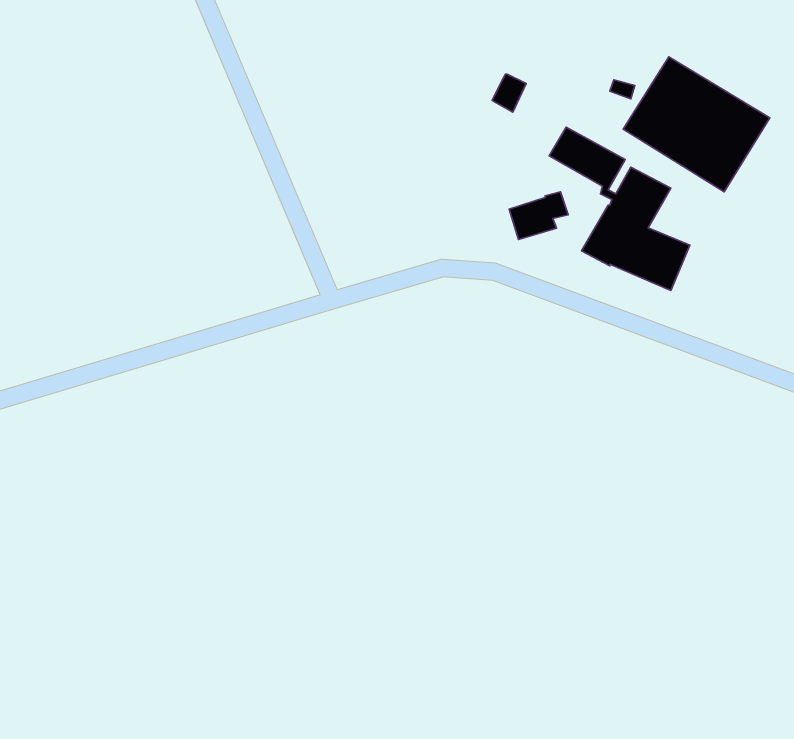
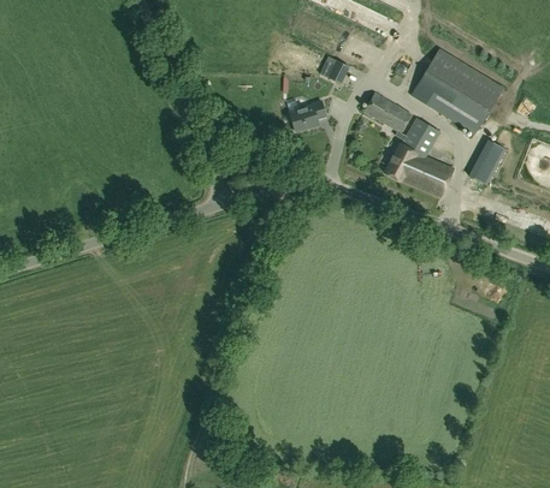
building: [509,192,568,239] -> [289,101,326,131]
building: none -> [468,139,505,184]

